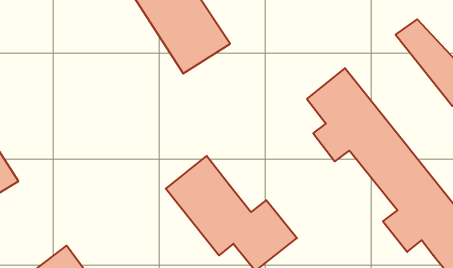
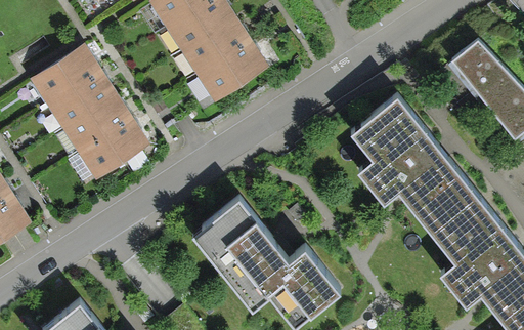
building: none -> [29,46,145,179]

